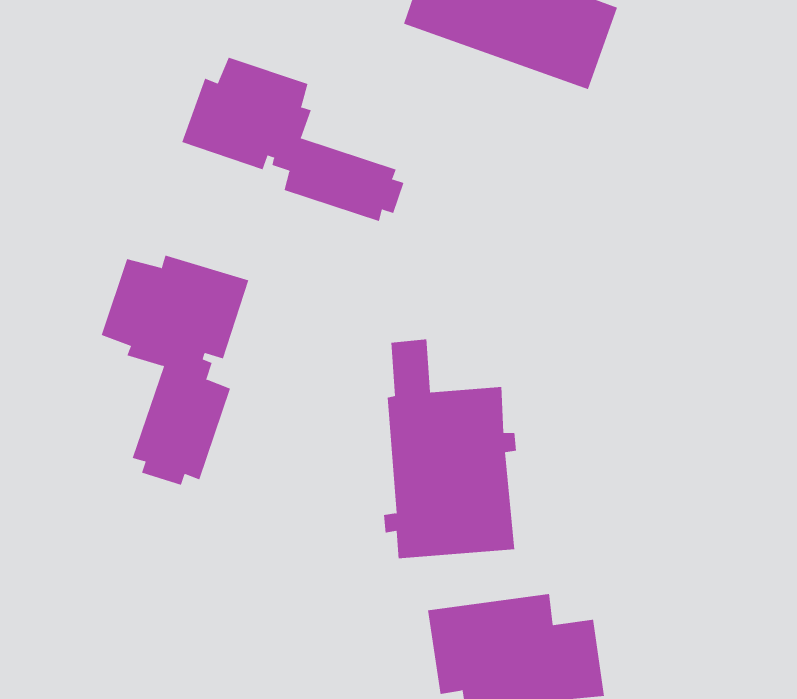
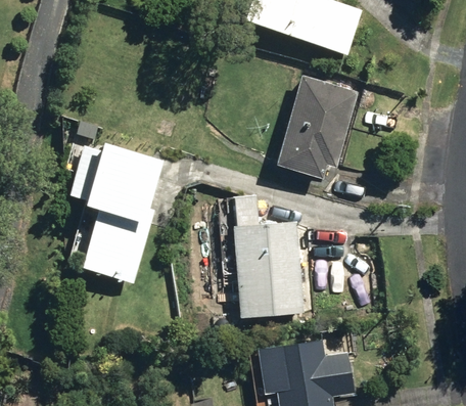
building: [182,57,404,222] -> none
building: none -> [276,74,360,180]

